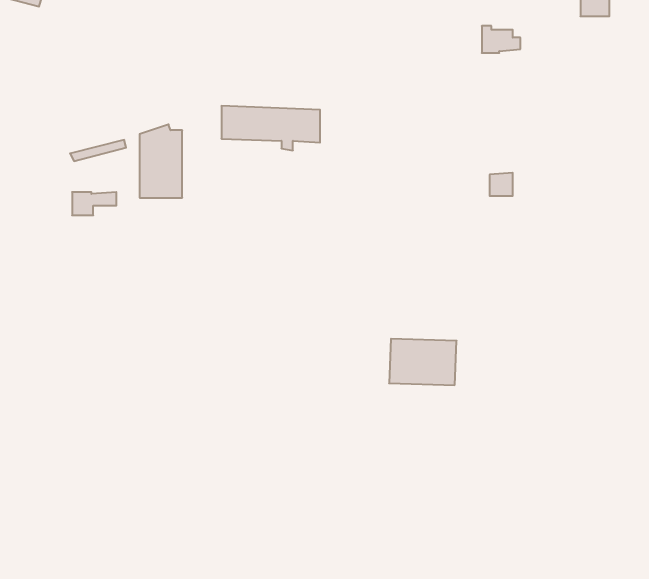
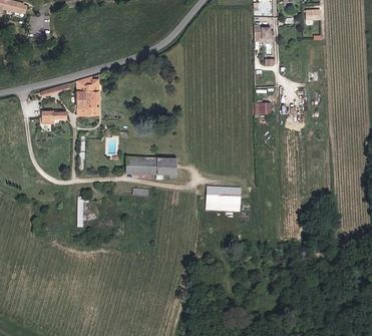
building: [221,106,320,150] -> [126,156,177,180]

